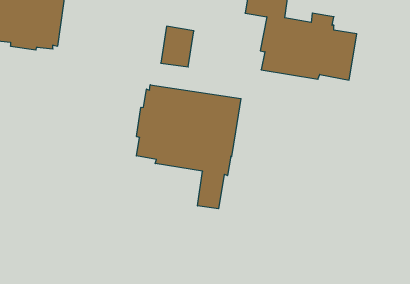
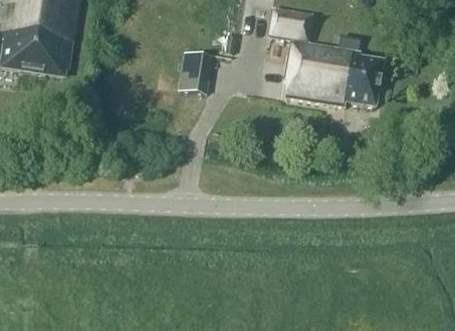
building: [136,85,241,209] -> none

